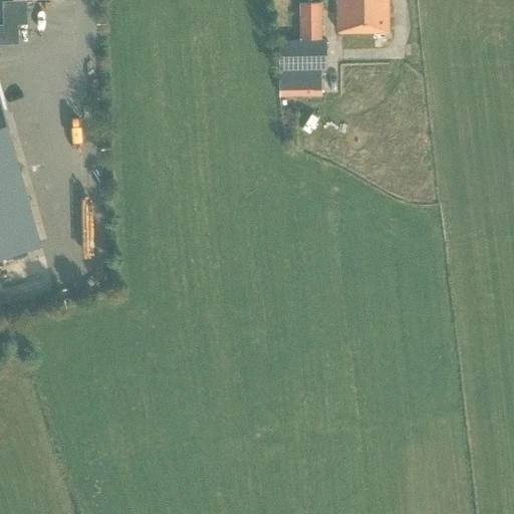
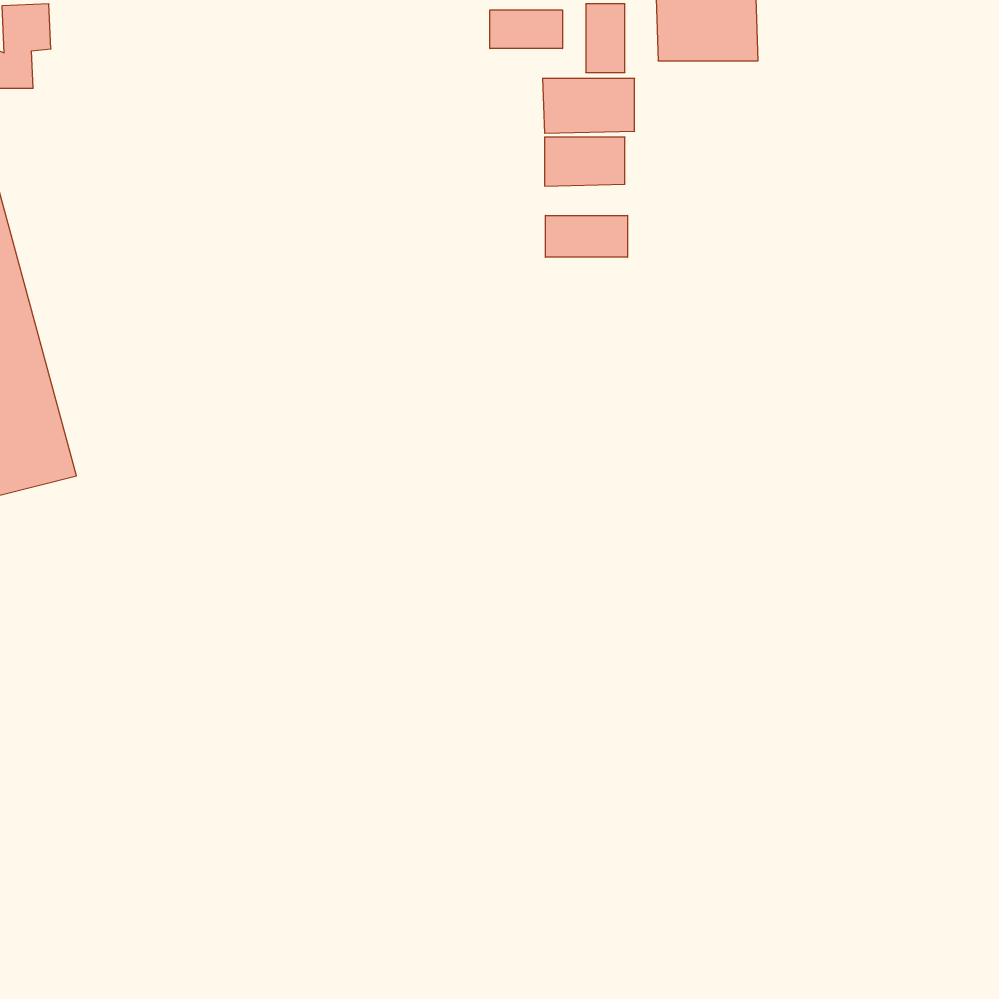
building: none -> [490,10,562,49]
building: none -> [545,215,628,257]

